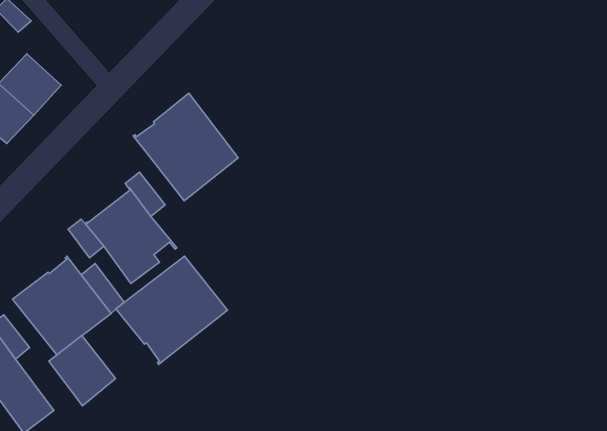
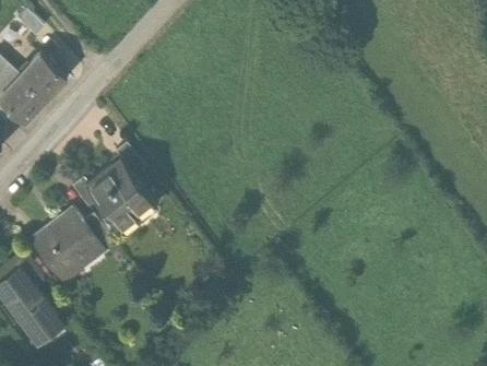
building: [133,93,238,201] -> none
building: [116,256,228,364] -> none
building: [49,336,115,406] -> none

